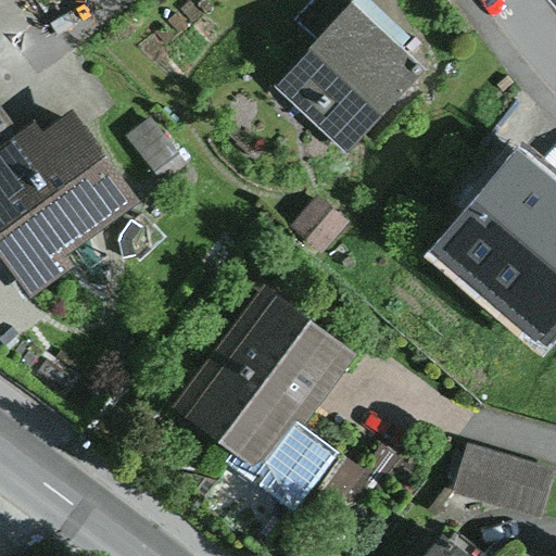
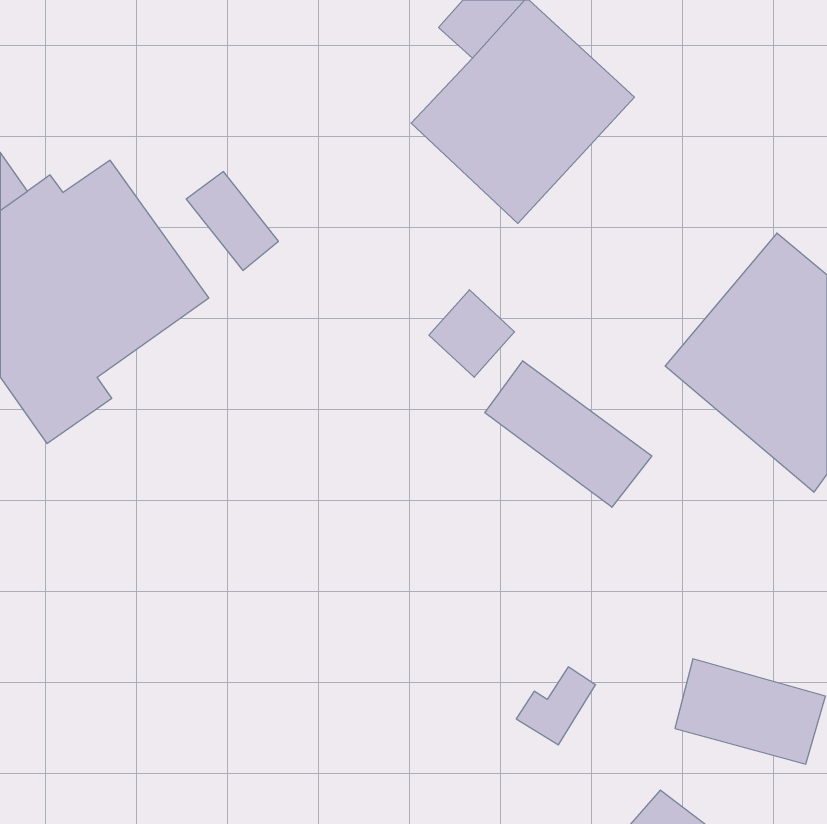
building: none -> [485,361,652,507]
building: [176,288,354,515] -> none

